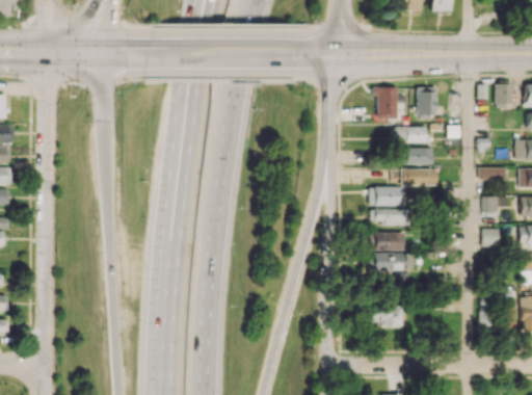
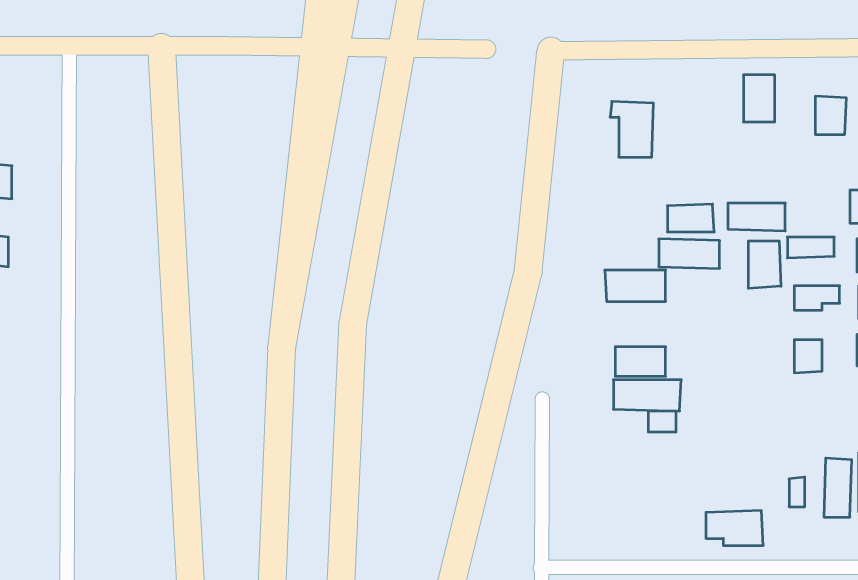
building: [418,87,436,115] -> [743,75,775,122]
building: [395,127,429,143] -> [728,203,785,231]
building: none -> [748,241,781,288]
building: [370,208,405,226] -> none
building: [370,307,404,327] -> [706,511,763,545]

